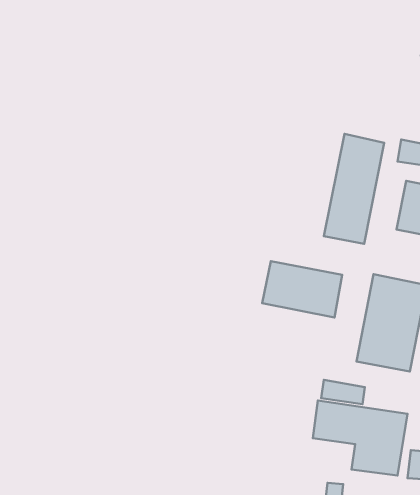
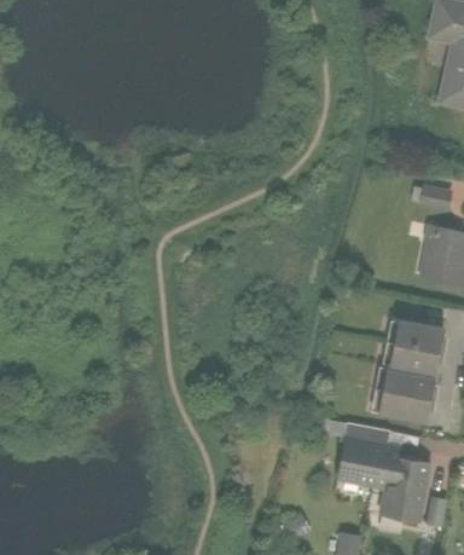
building: [324,134,384,244] -> none
building: [262,261,342,317] -> none

